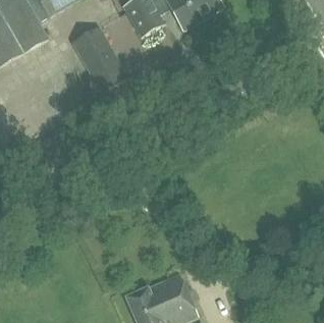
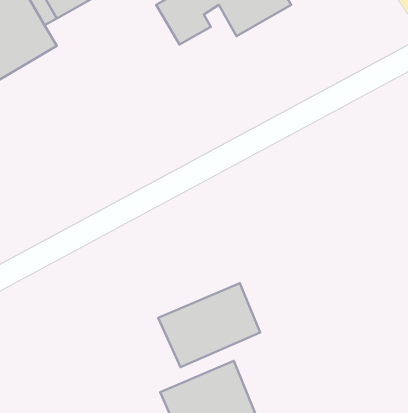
building: [70,25,128,94] -> none
building: none -> [158,283,260,367]

